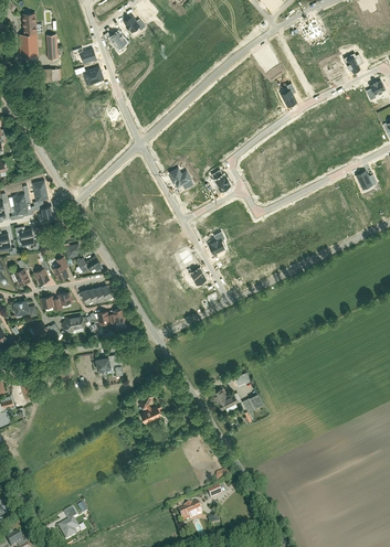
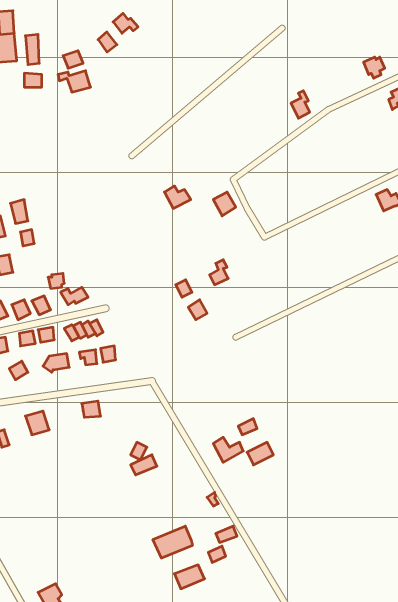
building: none -> [153,526,192,558]

